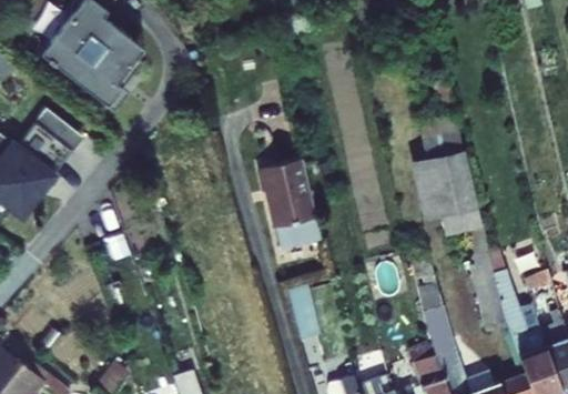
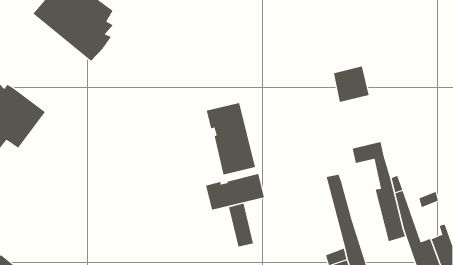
building: [19,107,84,172] -> none
building: [408,151,477,222] -> none
building: none -> [205,173,264,210]

